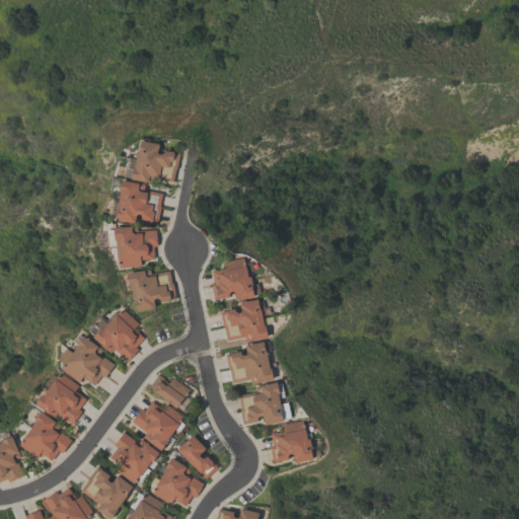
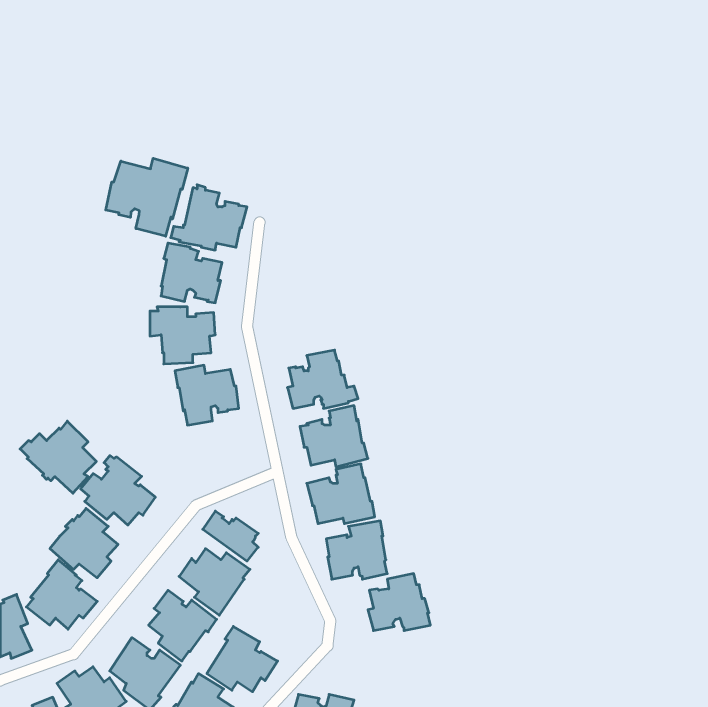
building: none -> [106,158,188,236]
building: [89,309,145,362] -> [20,421,96,493]
building: [177,436,218,479] -> none

